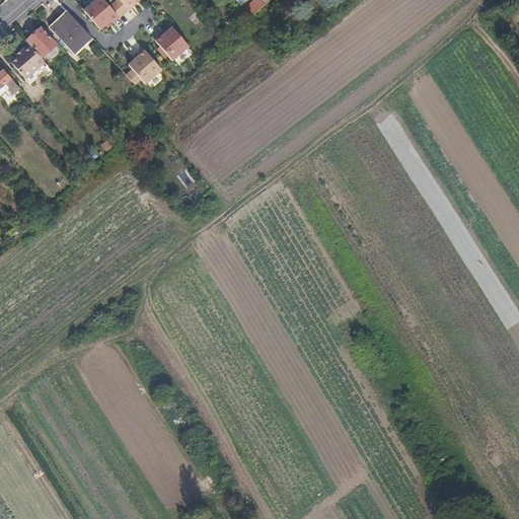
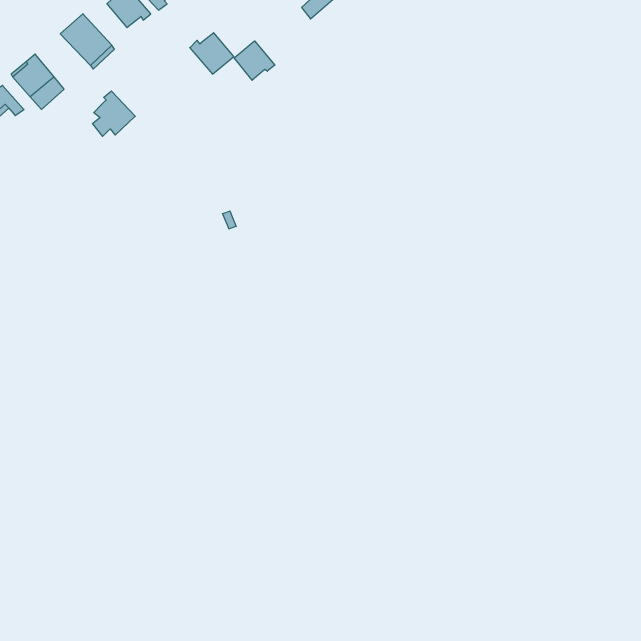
building: [25,26,57,58] -> none
building: none -> [234,41,275,80]
building: [126,48,160,84] -> [92,91,135,136]

